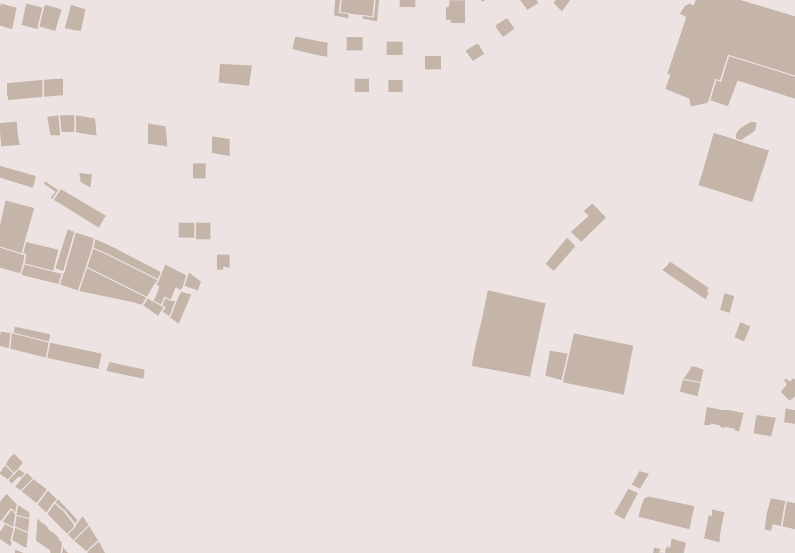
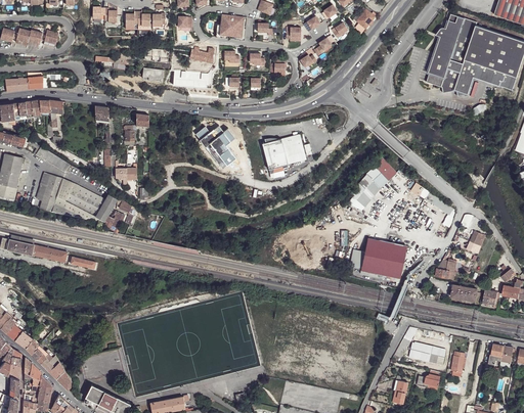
building: [698,132,770,203] -> none
building: none -> [207,128,236,157]
building: none -> [262,134,307,170]
building: [471,289,546,378] -> none

